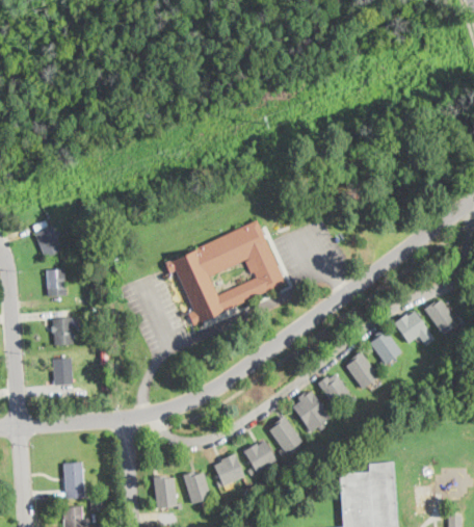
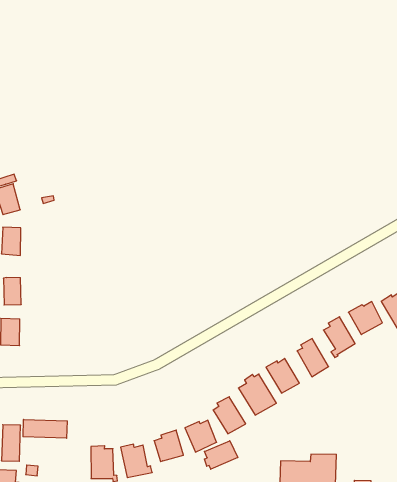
building: [166,221,286,325] -> none
building: none -> [23,419,67,438]
building: none -> [204,441,238,469]

